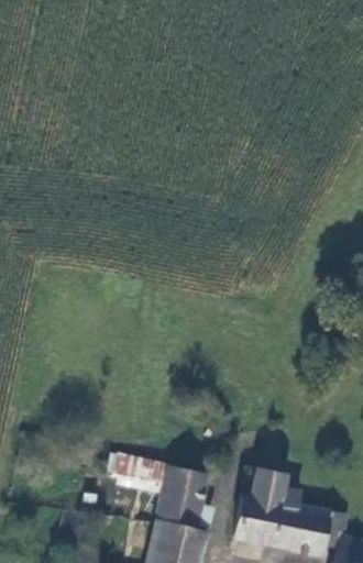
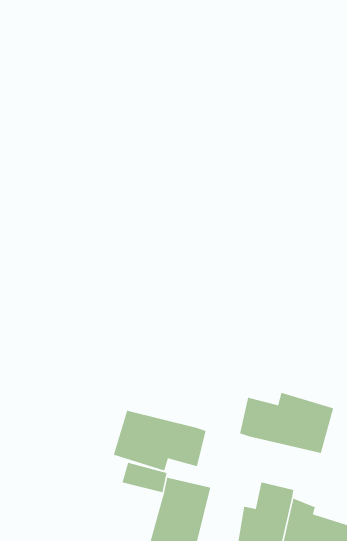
building: none -> [239,392,334,454]
building: none -> [113,410,206,472]

